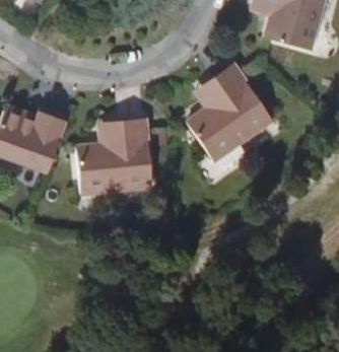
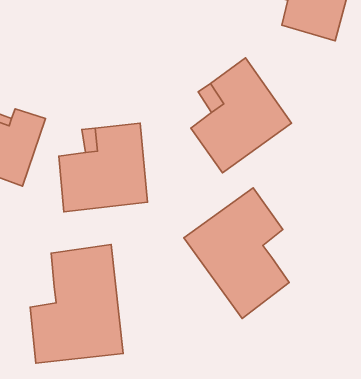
building: none -> [184,188,289,319]
building: none -> [30,245,123,363]

